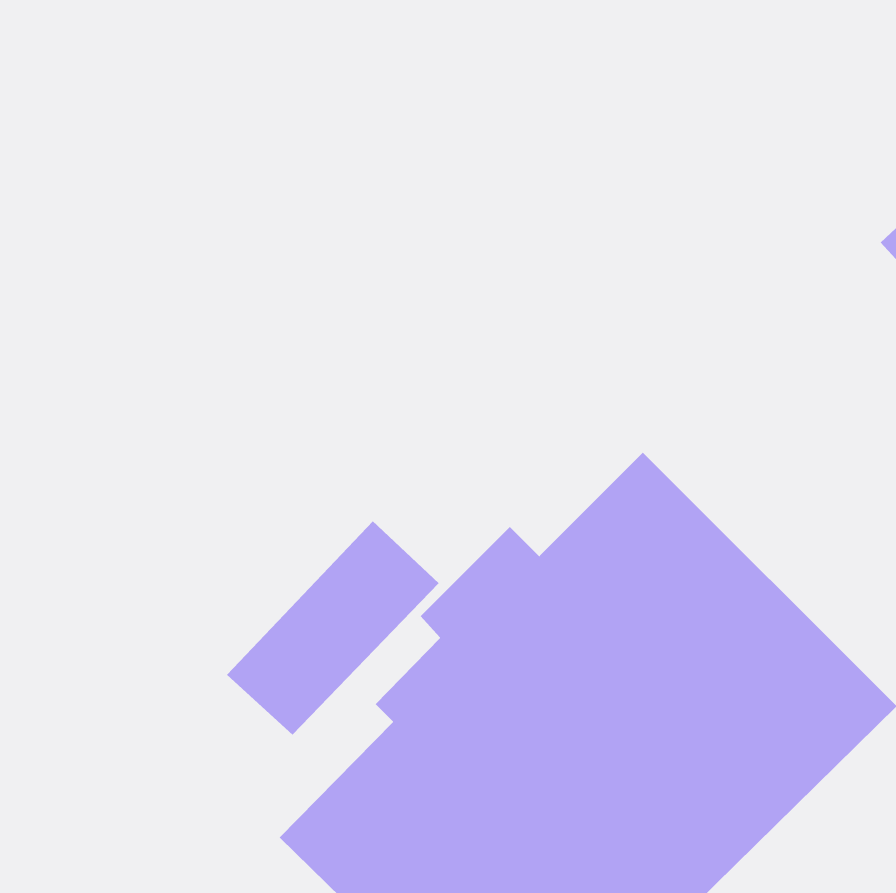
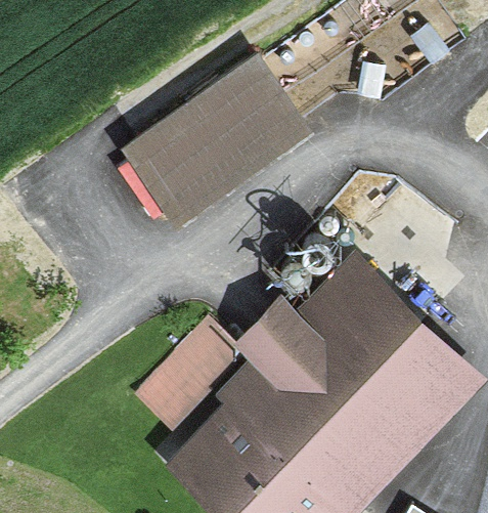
building: none -> [123,52,314,229]

